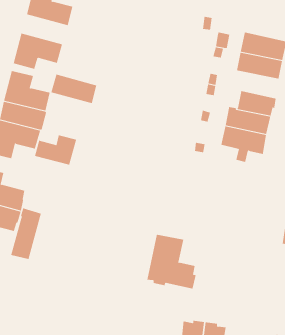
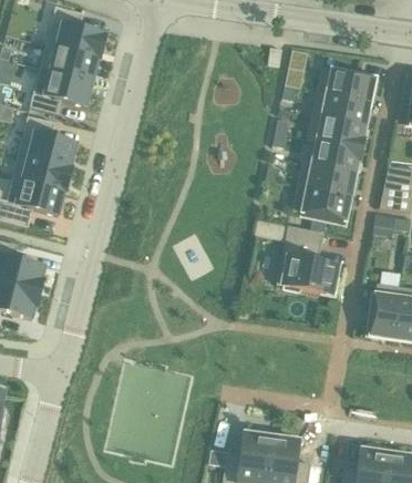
building: none -> [306,114,365,150]
building: [51,74,98,104] -> [39,43,99,81]
building: [34,134,77,166] -> none
building: [11,208,41,260] -> none
building: [147,234,197,289] -> [276,225,339,295]

